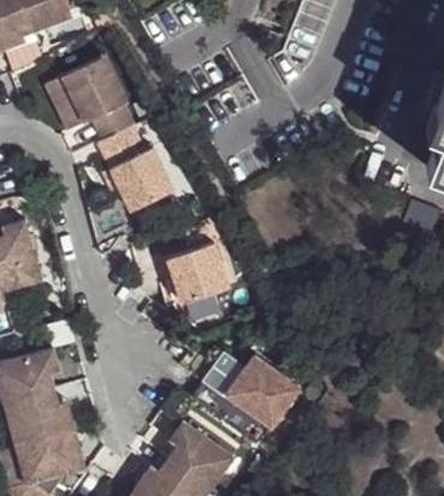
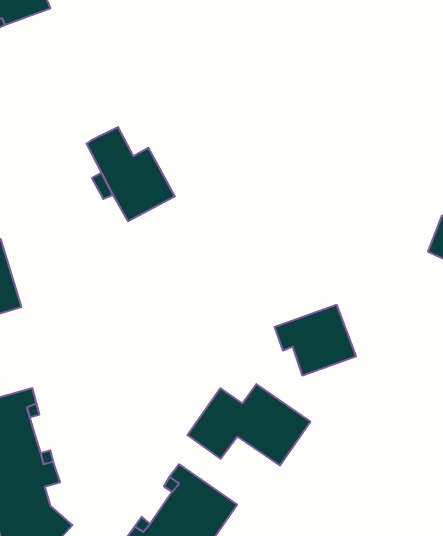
building: [48,55,136,139] -> none
building: [161,239,232,300] -> [275,305,356,375]

